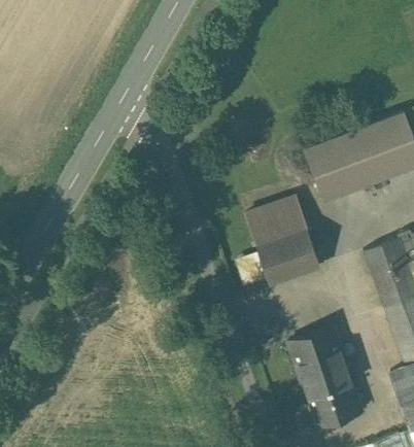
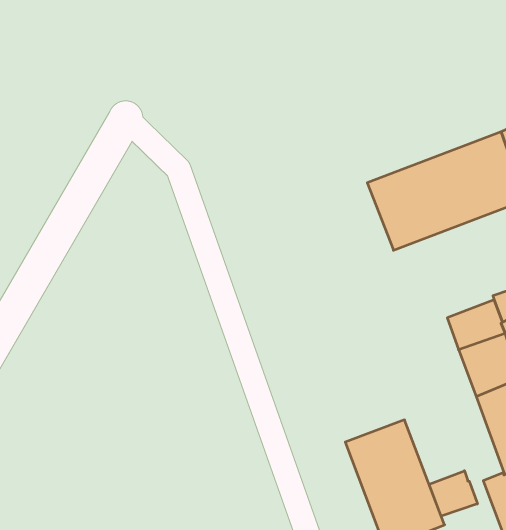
building: [245,198,320,285] -> none
building: none -> [429,471,477,516]

